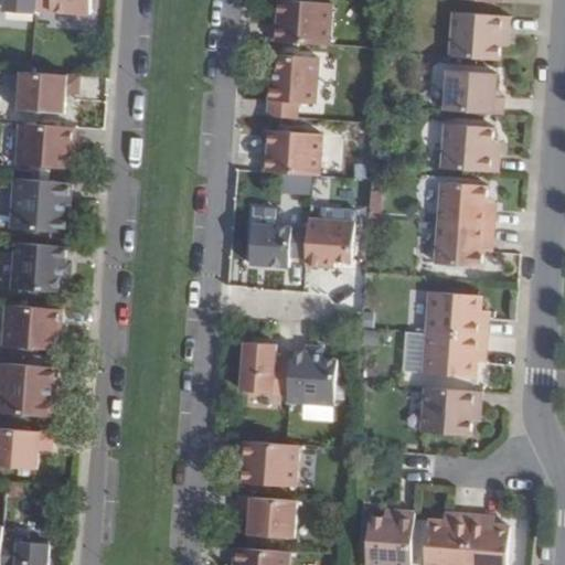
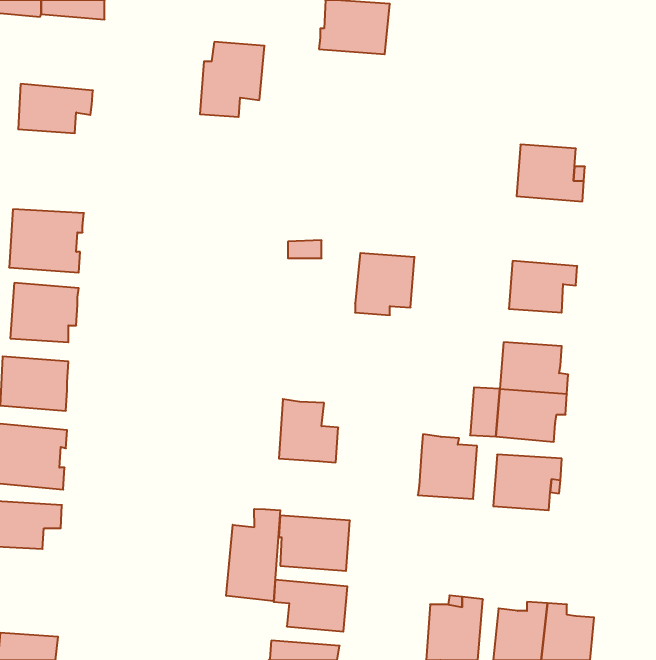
building: [449,12,509,60] -> none
building: [264,55,319,119] -> [200,42,265,117]
building: [445,70,503,115] -> none
building: [13,124,75,170] -> none
building: [259,129,323,177] -> none
building: [438,182,494,227] -> none
building: [249,223,307,268] -> none
building: [286,351,337,406] -> [418,434,477,499]
building: none -> [226,509,280,601]

